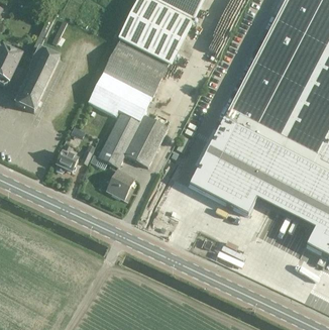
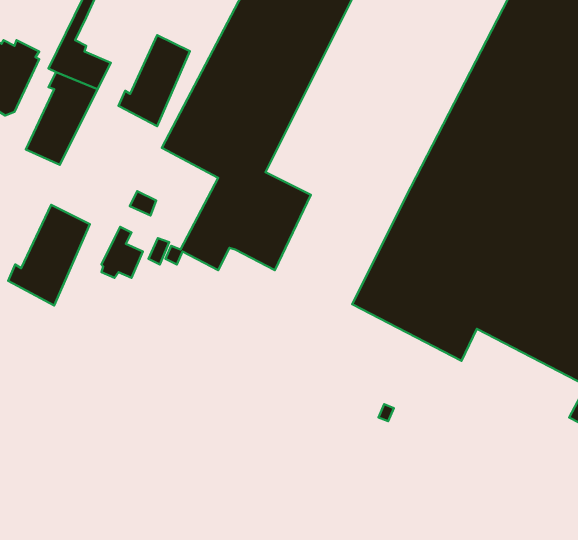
building: none -> [119,35,190,126]
building: none -> [8,205,90,305]
building: [106,167,135,199] -> none

